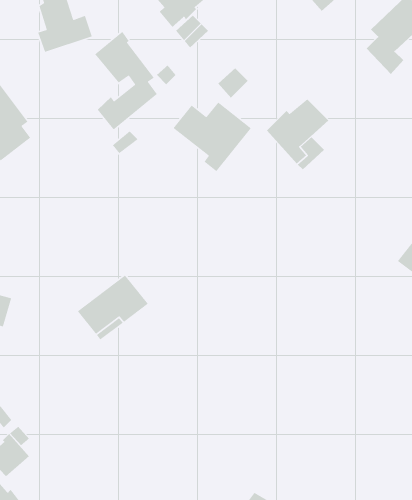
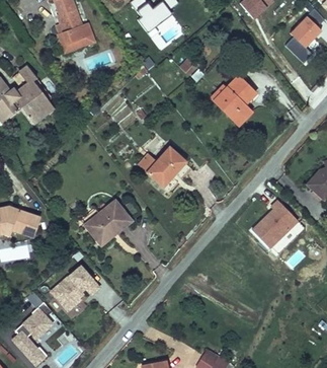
building: [94,31,158,131] -> none
building: [173,102,252,172] -> [140,145,194,194]
building: none -> [251,199,297,246]
building: none -> [51,267,99,311]

